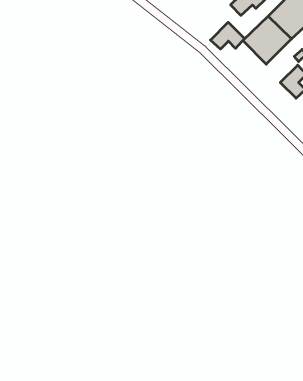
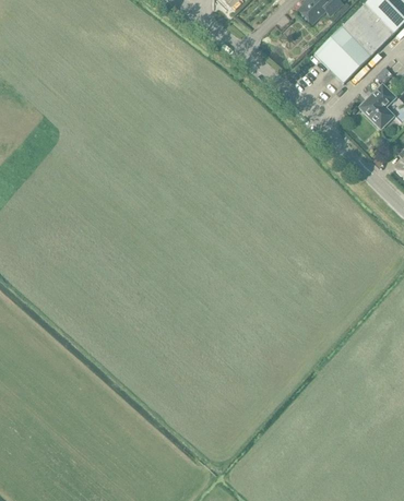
building: [210,22,245,49] -> none

